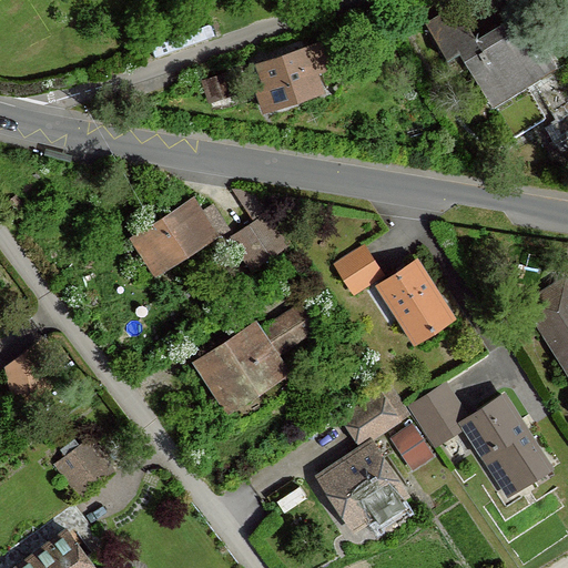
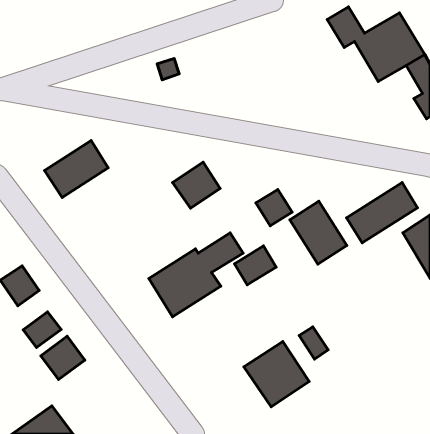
building: [255,43,338,113] -> none
building: [131,202,214,276] -> [44,141,108,198]
building: none -> [347,183,418,243]
building: [409,385,550,497] -> none
building: [341,395,395,446] -> [234,246,276,285]
building: none -> [23,312,61,348]

